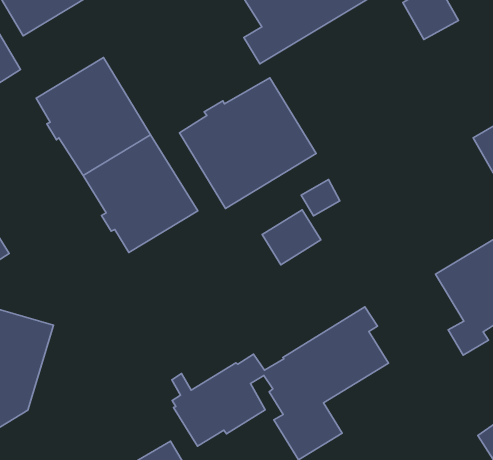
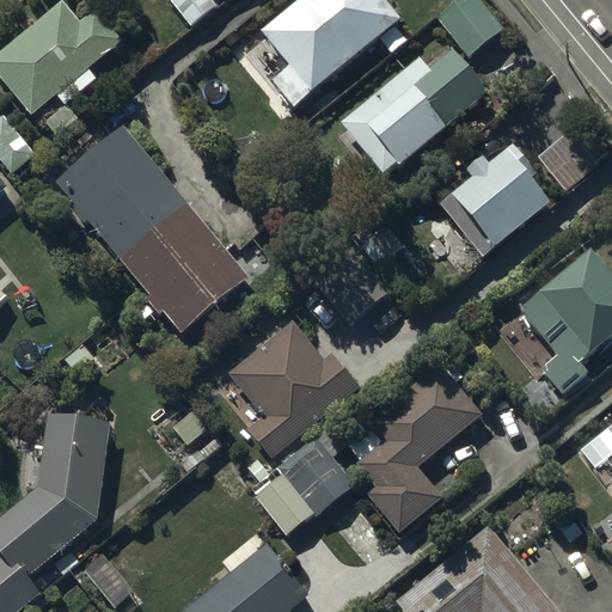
building: none -> [339,49,485,173]
building: [179,78,316,208] -> none
building: none -> [441,145,555,256]
building: none -> [228,320,359,459]

